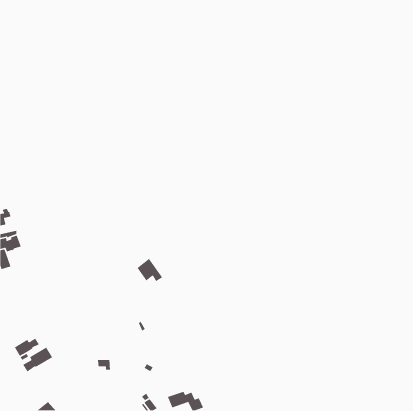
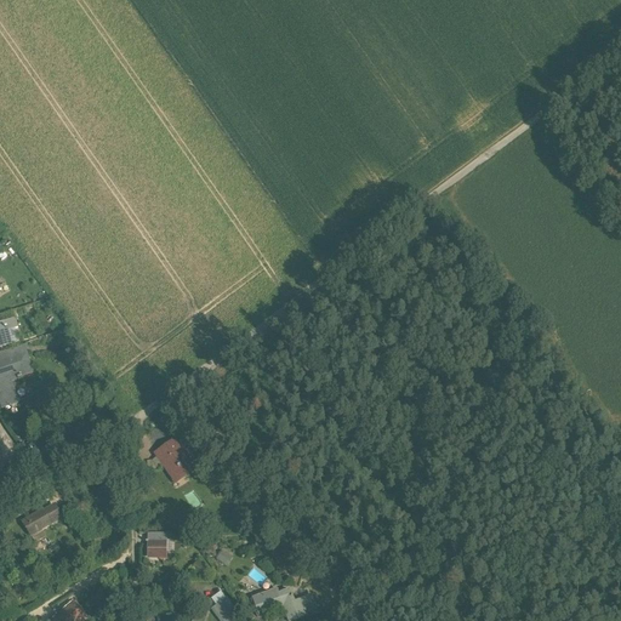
building: [136,258,163,282] -> [154,437,194,473]
building: [22,347,53,372] -> none

